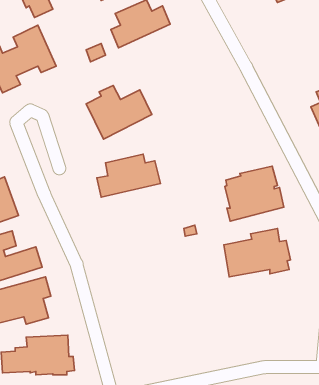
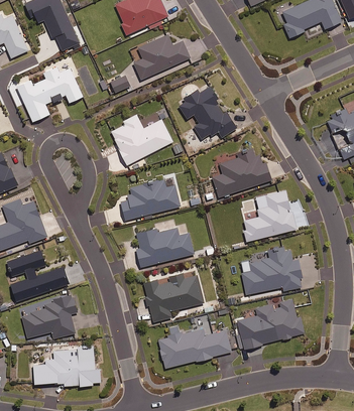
building: none -> [179,86,236,139]
building: none -> [213,148,271,197]
building: none -> [136,228,194,267]
building: none -> [143,272,204,321]
building: none -> [240,300,305,349]
building: none -> [157,329,231,367]

